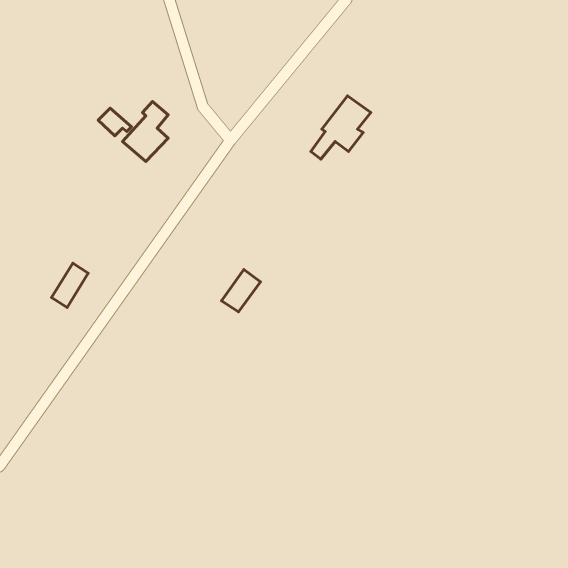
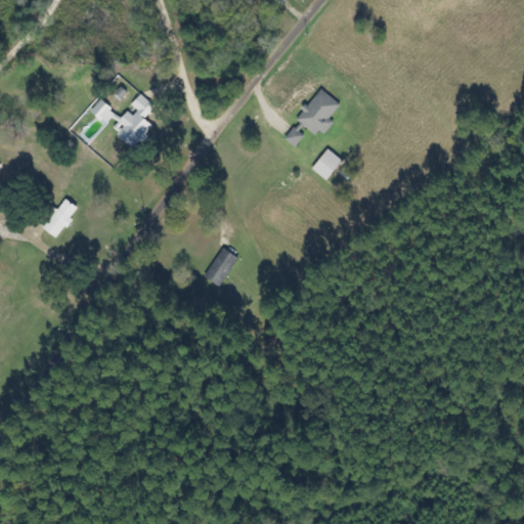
building: none -> [311,148,342,180]
building: [52,263,88,308] -> [44,198,78,238]

